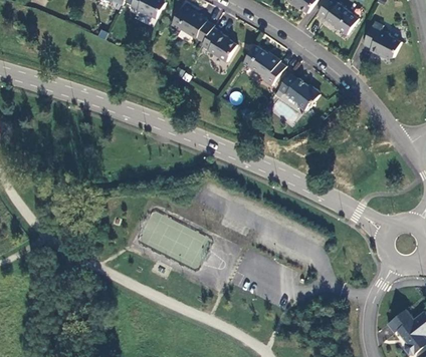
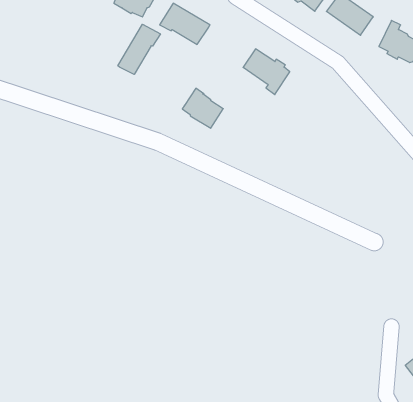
building: none -> [118,24,160,74]
building: [201,27,237,62] -> [182,88,223,128]
building: [277,73,318,110] -> none

